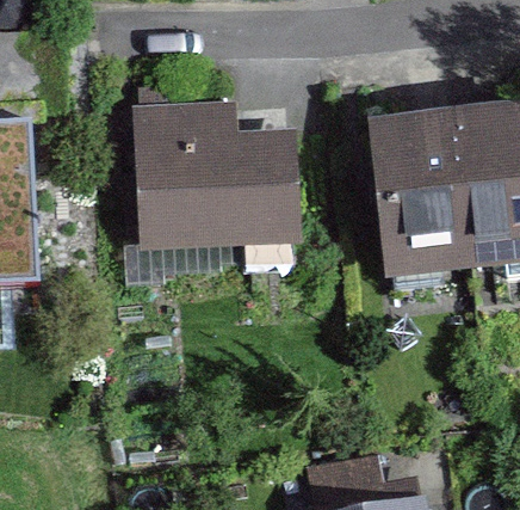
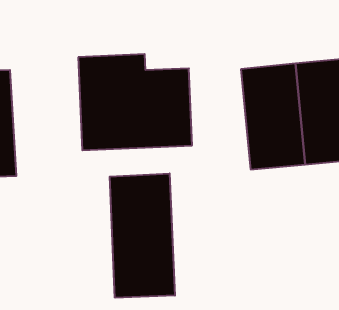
building: none -> [110,173,175,298]

